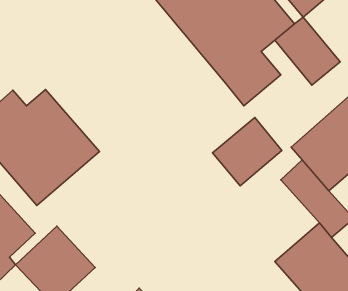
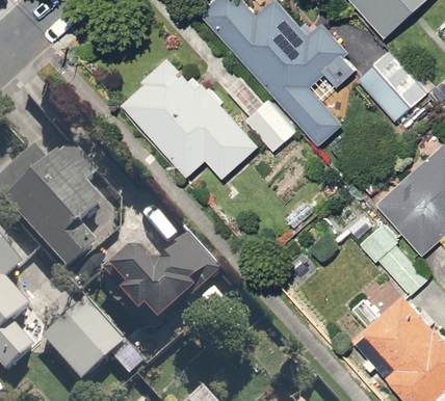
building: none -> [124,54,291,180]
building: [212,117,282,186] -> none
building: none -> [93,239,219,344]

